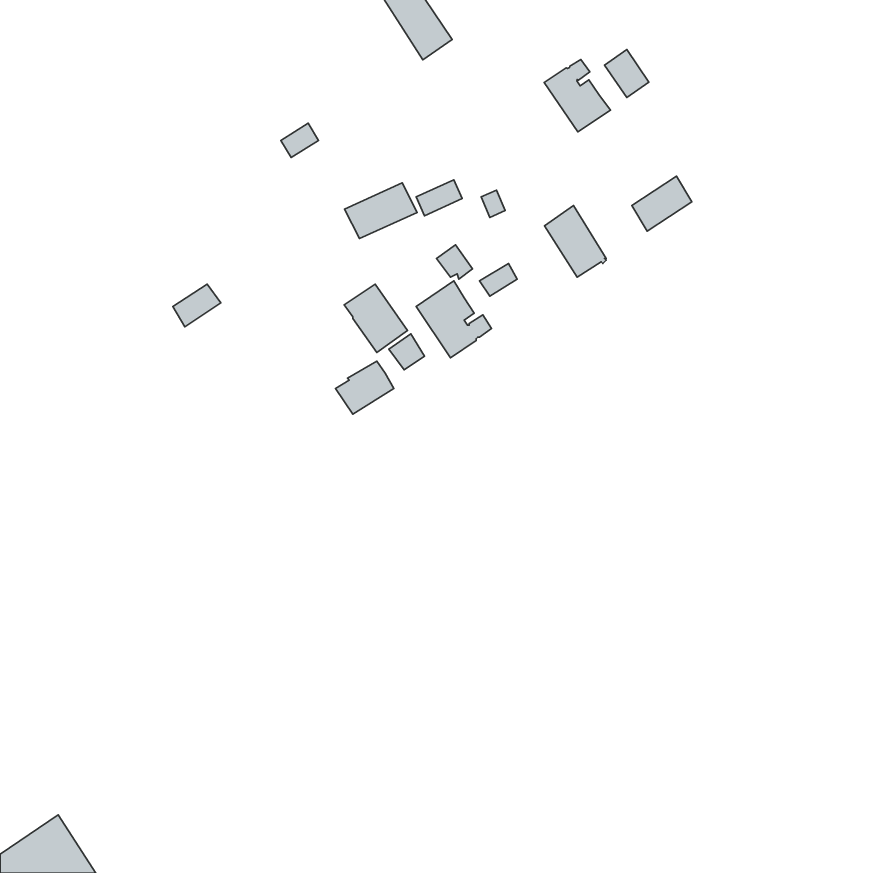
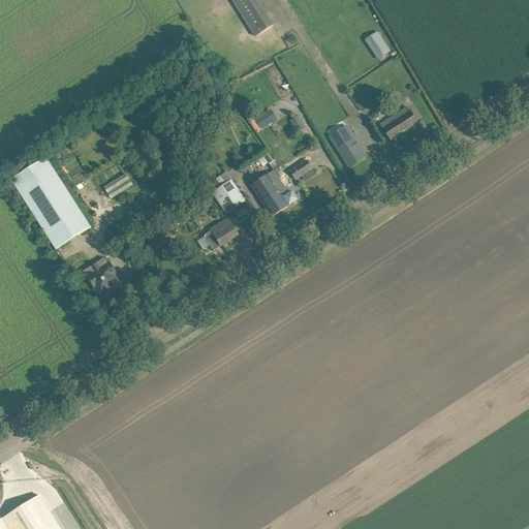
building: [544,59,610,132] -> none
building: [345,183,417,239] -> none
building: none -> [10,156,91,249]
building: none -> [84,257,121,291]

